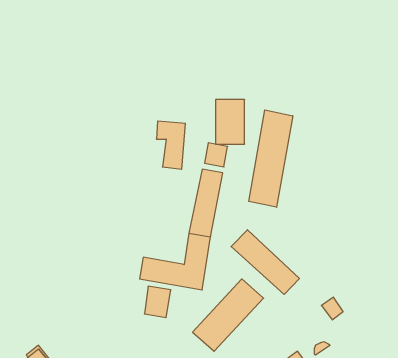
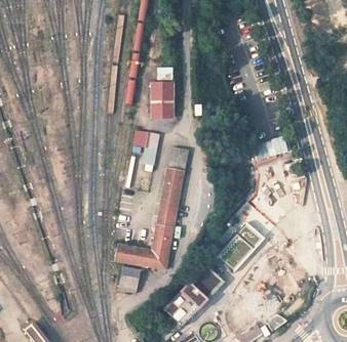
building: [216,100,245,144] -> [150,82,175,120]
building: [249,110,293,207] -> none
building: [231,230,299,294] -> none

